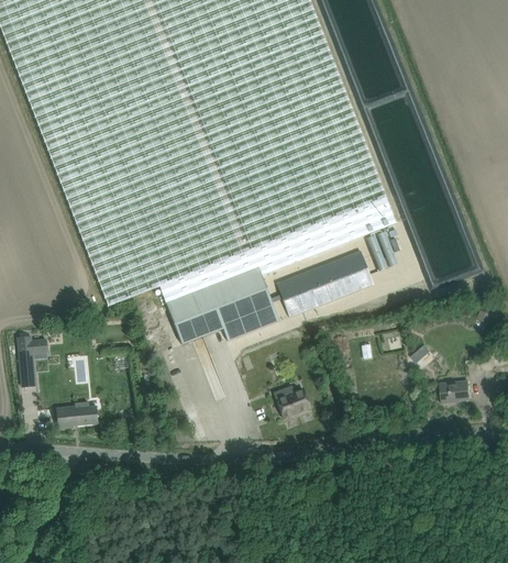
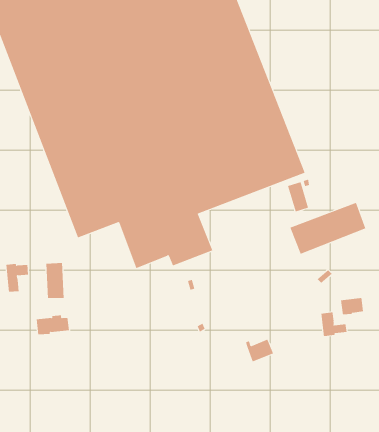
building: [276,250,373,316] -> [290,202,366,255]
building: [274,387,310,417] -> [245,339,274,362]
building: none -> [321,312,347,338]

